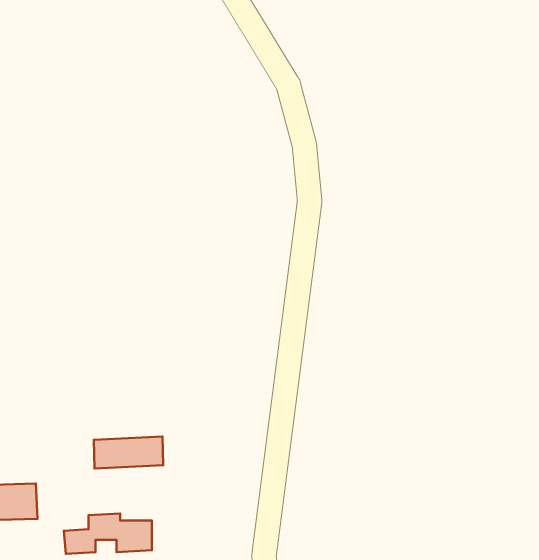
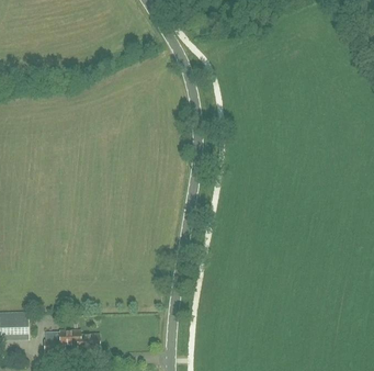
building: [94,437,163,469] -> none

